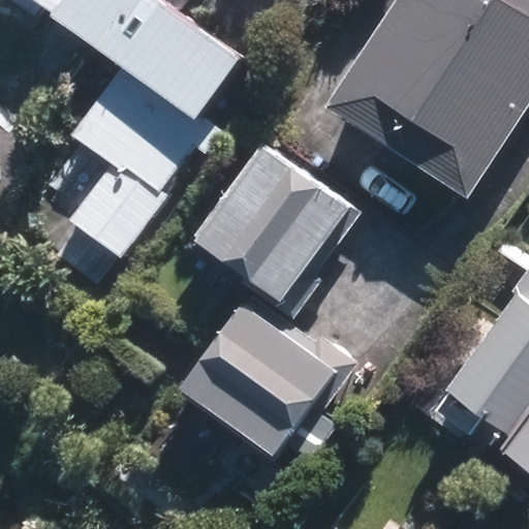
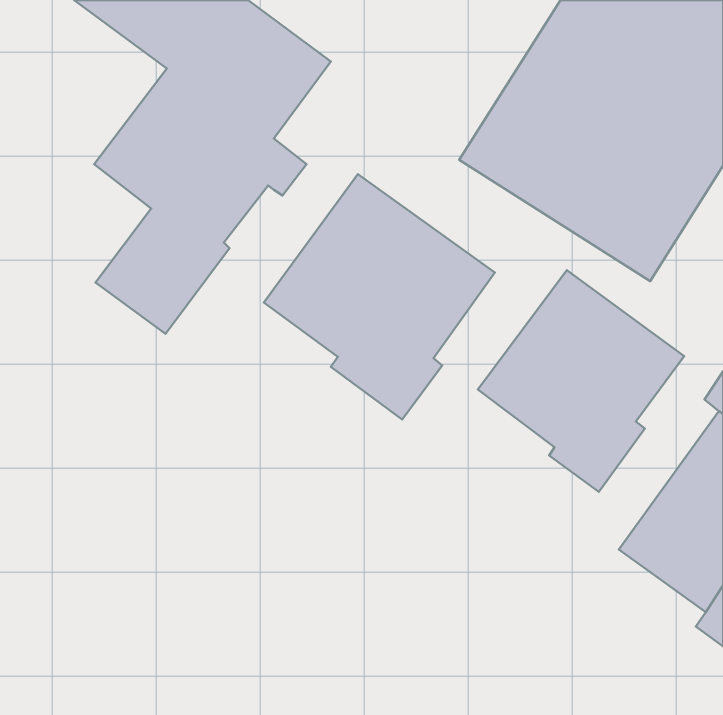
building: none -> [478,270,684,492]
building: [178,289,354,452] -> none

